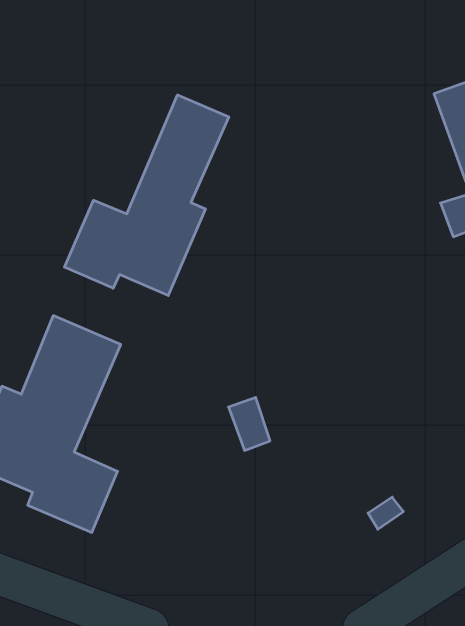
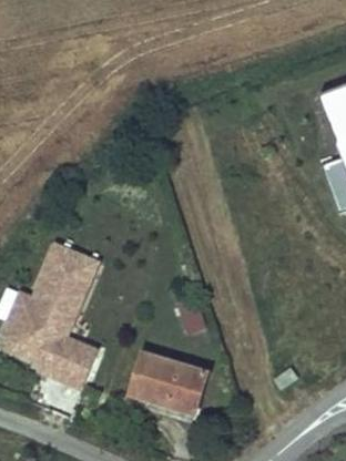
building: [64,95,229,296] -> none
building: none -> [128,351,212,421]

